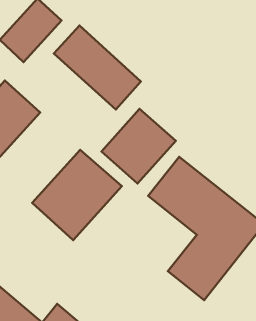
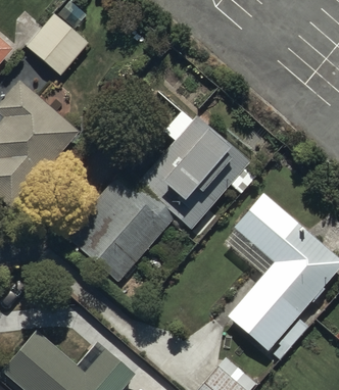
building: [54,25,141,110] -> none

